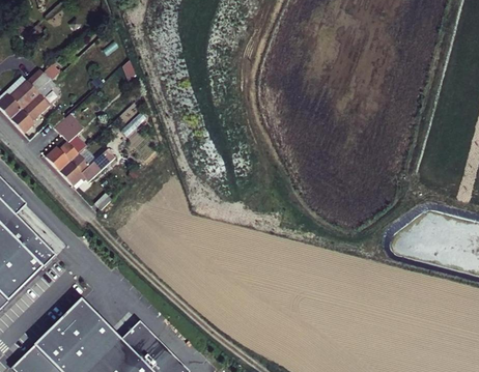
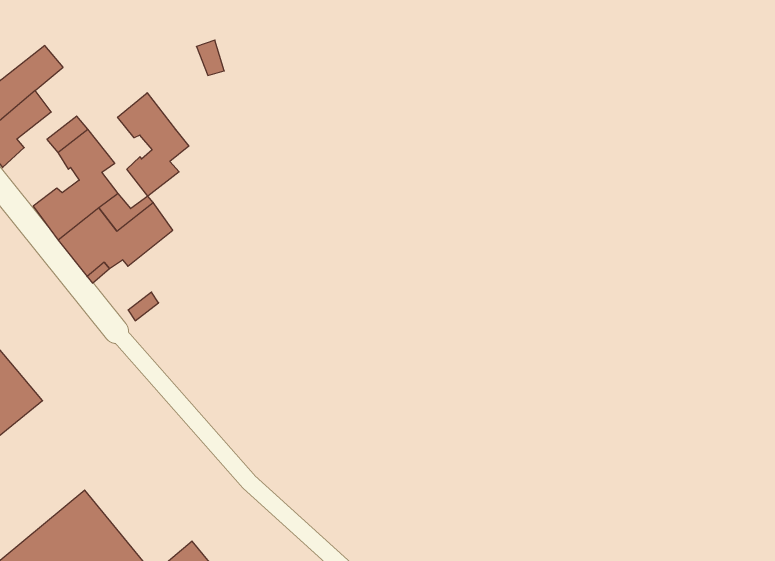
building: none -> [118,93,189,196]

